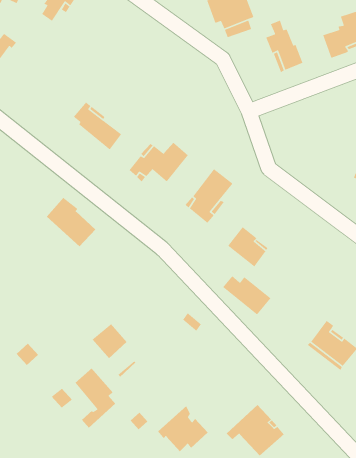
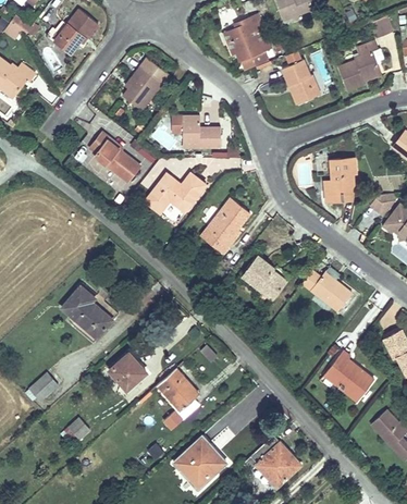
building: none -> [123,58,169,111]
building: none -> [183,115,221,147]
building: none -> [331,157,357,199]
building: [46,197,96,247] -> [62,287,112,337]
building: [222,275,272,316] -> [303,271,351,311]
building: [74,368,116,429] -> [158,369,199,430]

